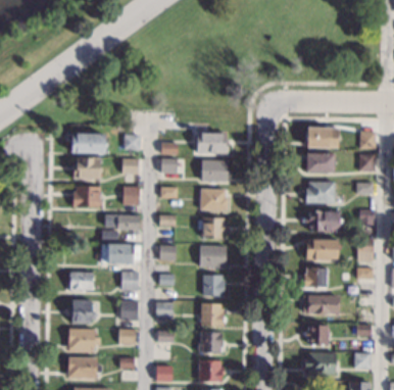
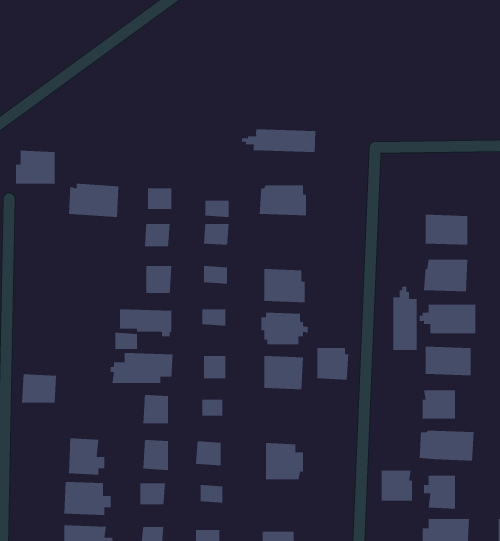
building: none -> [241,129,316,153]
building: [306,128,338,150] -> none
building: [73,157,100,180] -> [15,150,56,184]
building: [201,161,228,183] -> none
building: [73,187,102,208] -> none
building: none -> [393,286,417,351]
building: [69,272,93,291] -> [21,374,57,403]
building: [203,276,225,297] -> [316,348,349,380]
building: none -> [381,470,413,502]
building: [199,332,223,353] -> none

